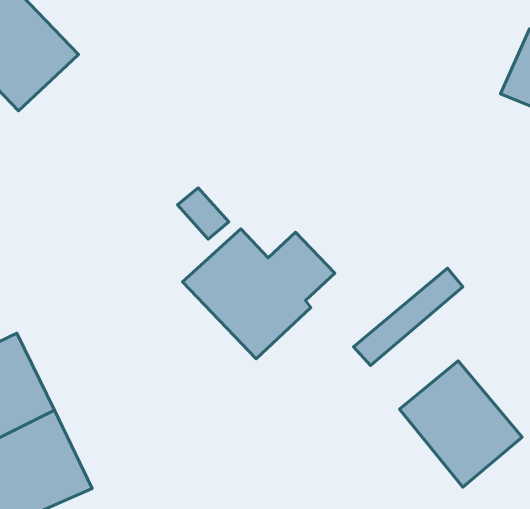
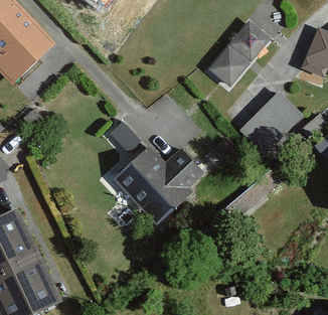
building: none -> [209,21,268,84]
building: none -> [239,92,300,152]
building: [400,361,522,487] -> none

